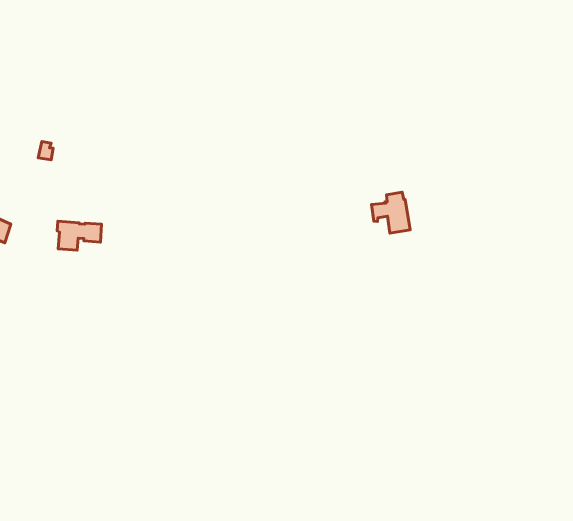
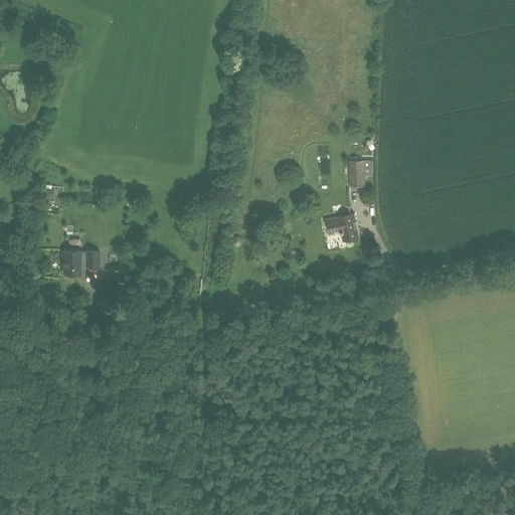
building: none -> [348,162,364,187]

